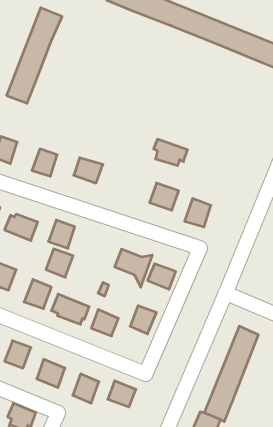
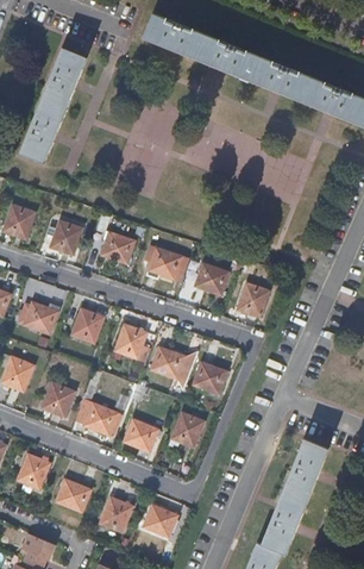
building: [154,139,188,166] -> [145,246,187,279]
building: [46,249,73,277] -> [114,325,148,359]

